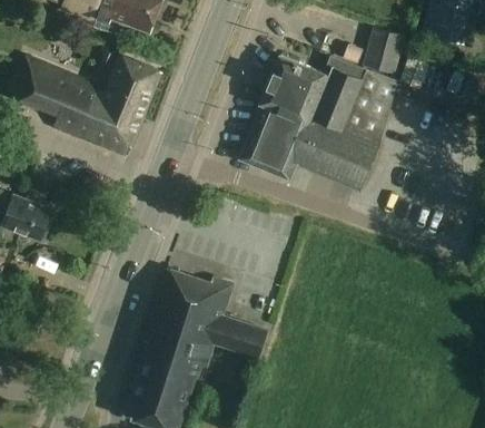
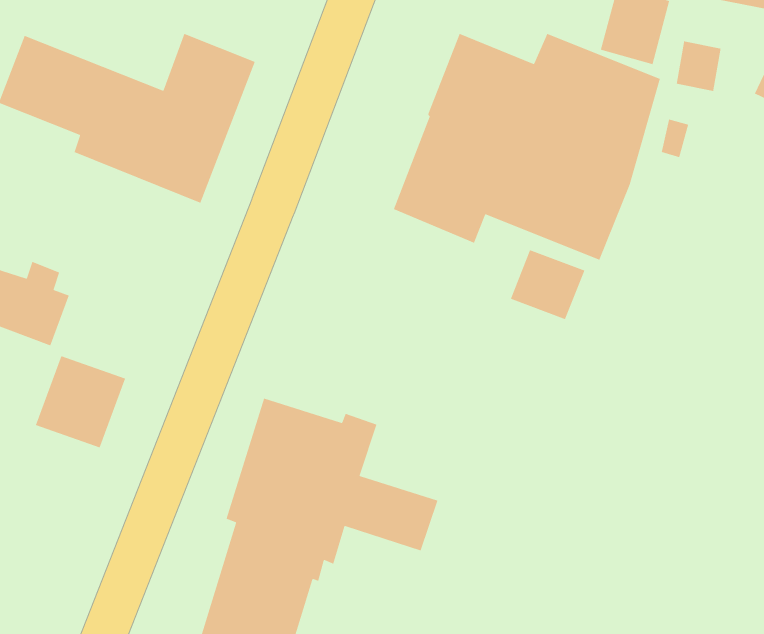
building: none -> [510,249,585,320]
building: none -> [35,355,126,448]

